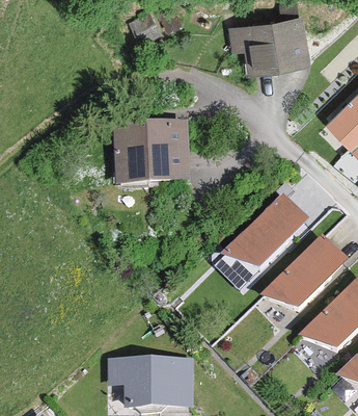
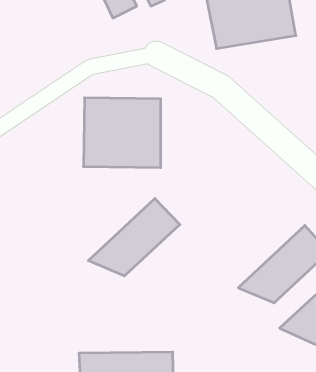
building: [218,196,305,269] -> [88,198,180,276]

